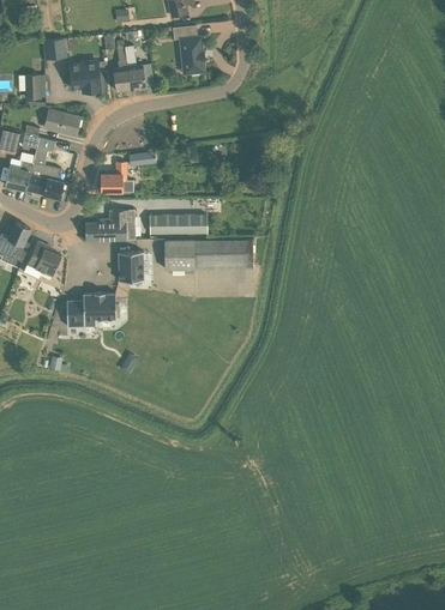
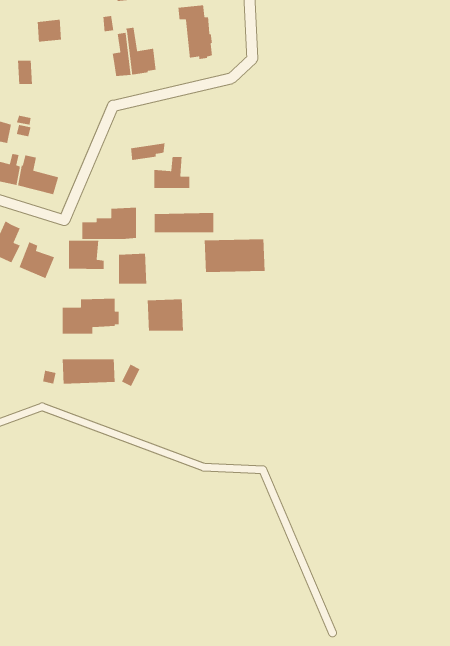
building: [68,58,101,93] -> none
building: [43,109,79,134] -> none
building: [100,161,133,191] -> [153,156,190,189]
building: none -> [68,240,104,270]
building: [163,238,197,268] -> [147,299,184,331]
building: none -> [62,359,115,385]

